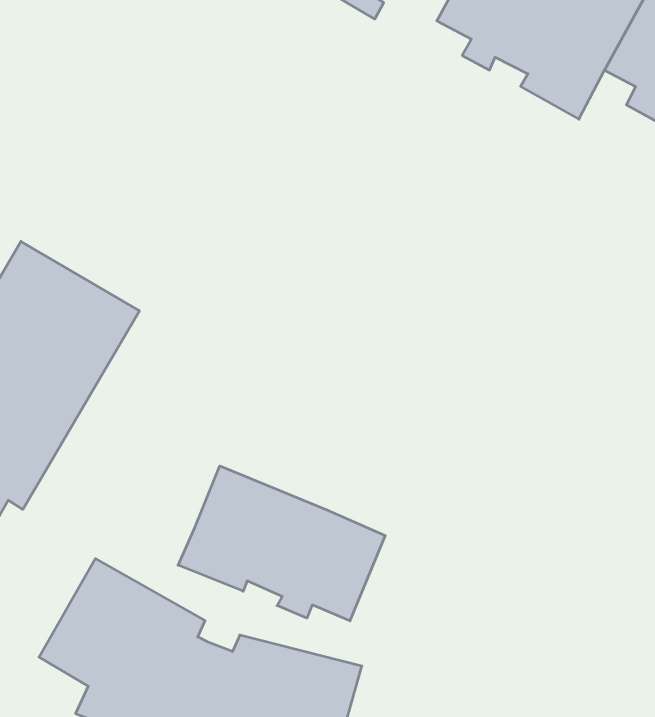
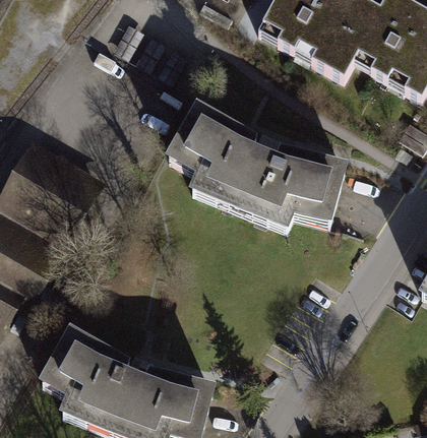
building: none -> [169,106,345,228]
building: [178,466,385,621] -> none

